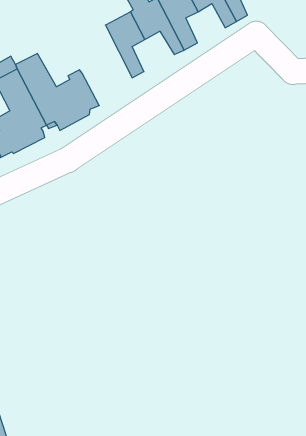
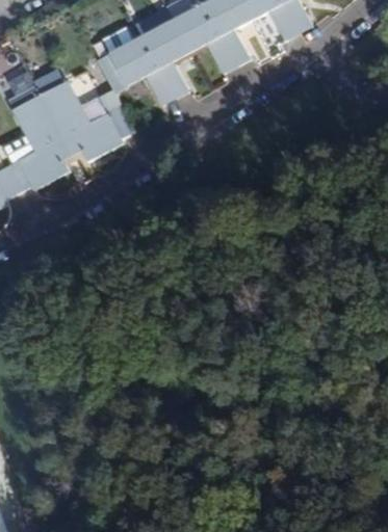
building: none -> [100,29,170,106]

